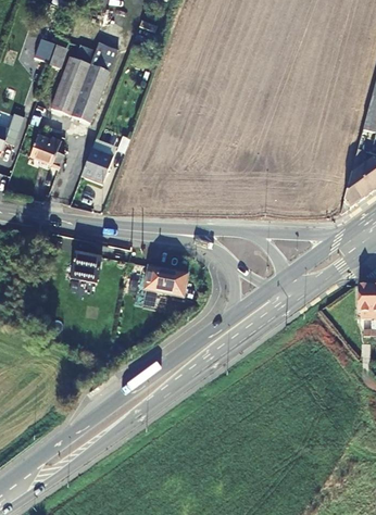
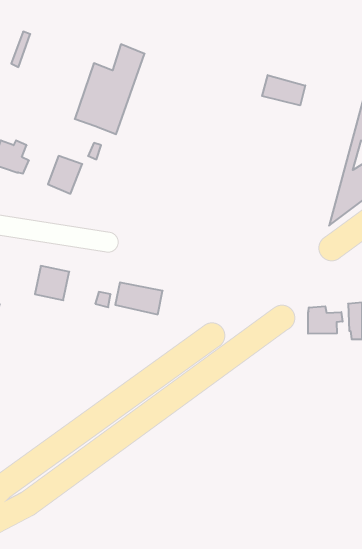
building: [51,40,115,123] -> [75,44,145,134]
building: none -> [262,75,305,105]
building: none -> [308,306,343,334]

